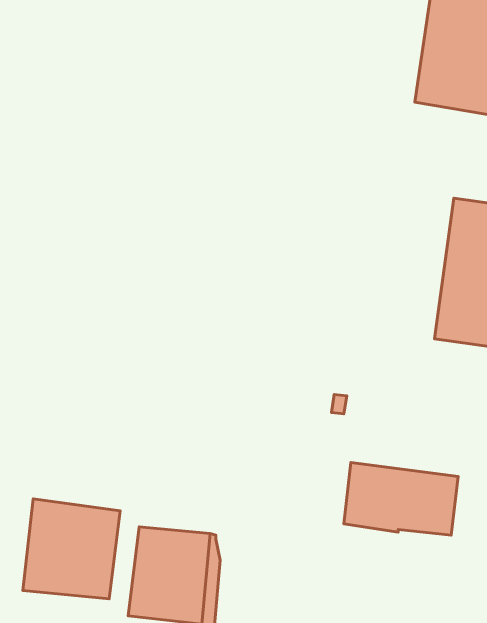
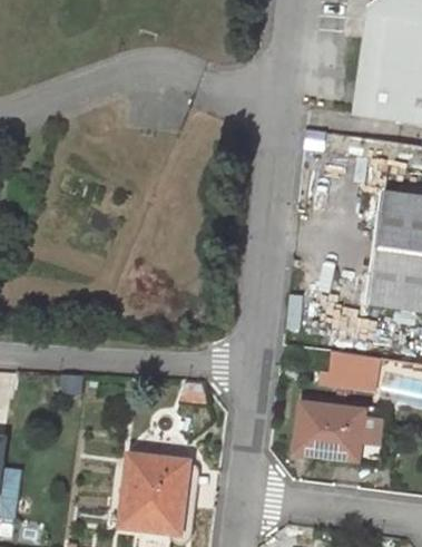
building: none -> [314,352,379,392]
building: [23,499,120,599] -> none

